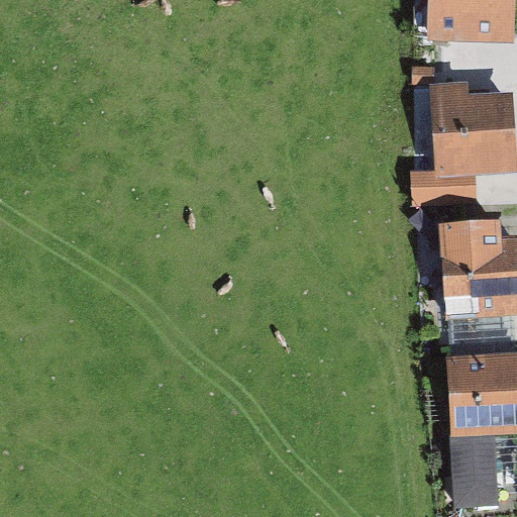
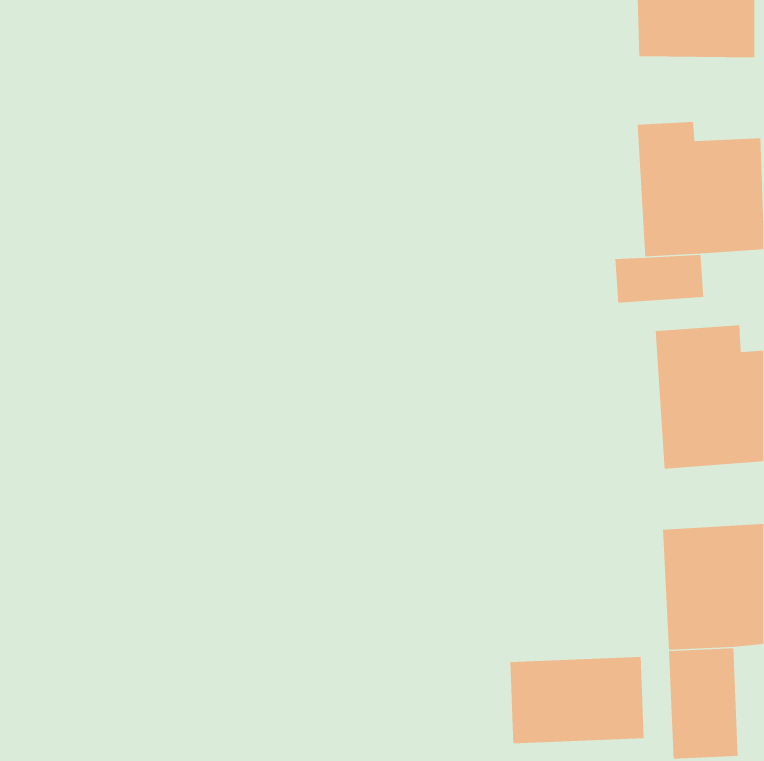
building: none -> [509,656,644,744]

